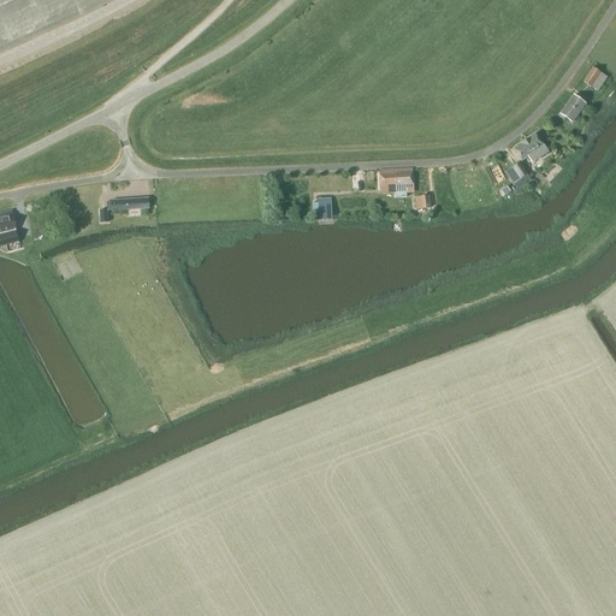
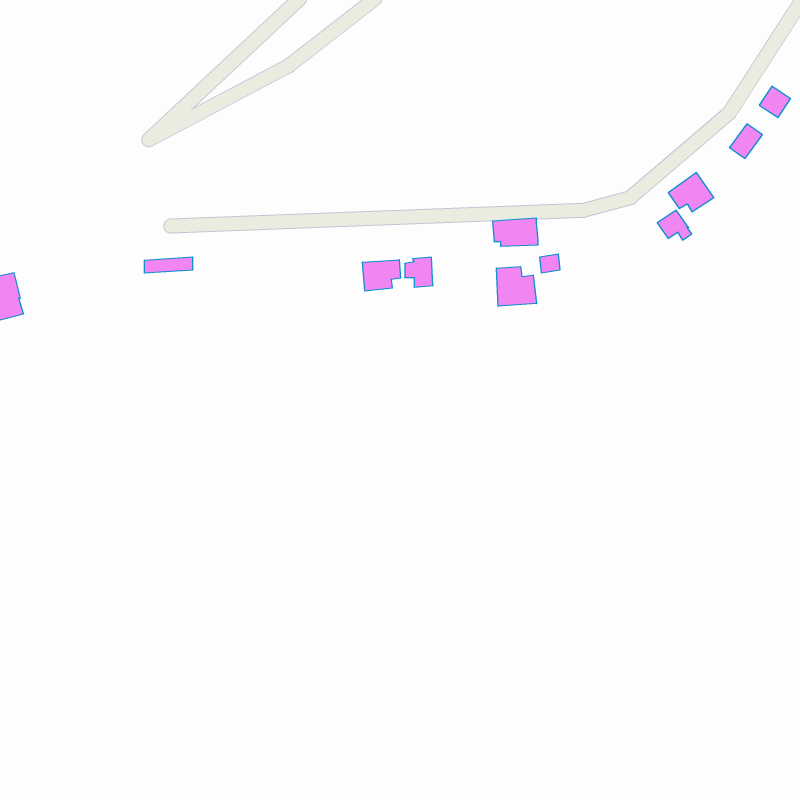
building: none -> [363,260,401,291]
building: none -> [496,267,536,306]

